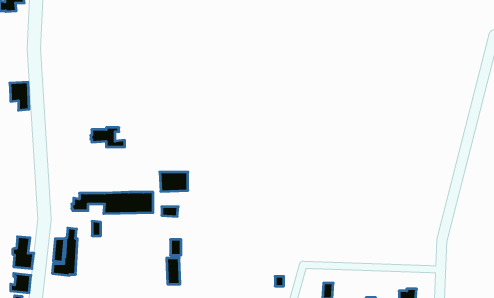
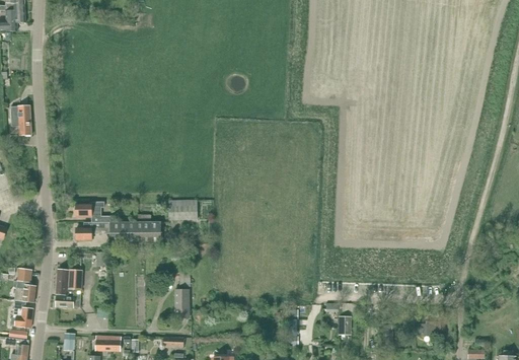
building: [91,128,125,147] -> [74,202,109,222]

